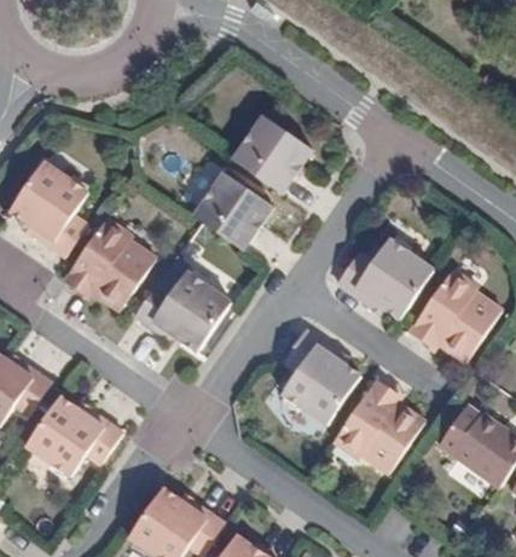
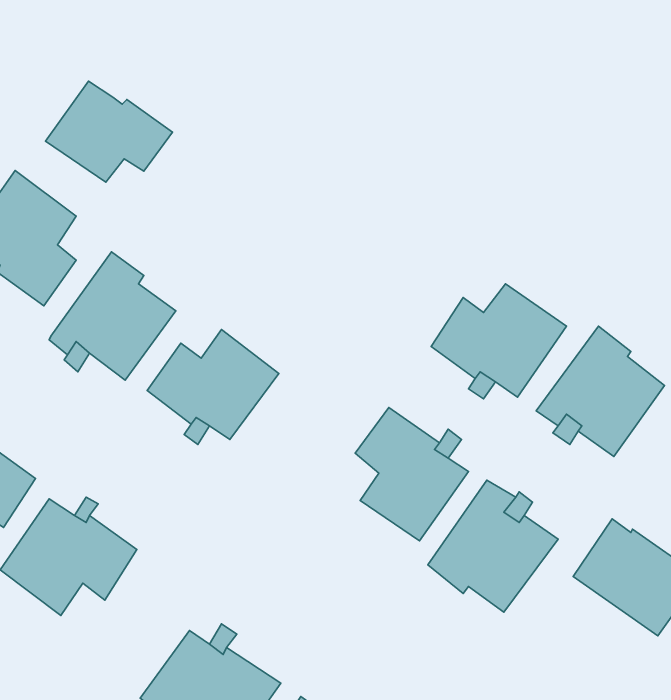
building: none -> [45,81,172,182]
building: [228,115,305,190] -> none
building: [190,172,268,248] -> none

